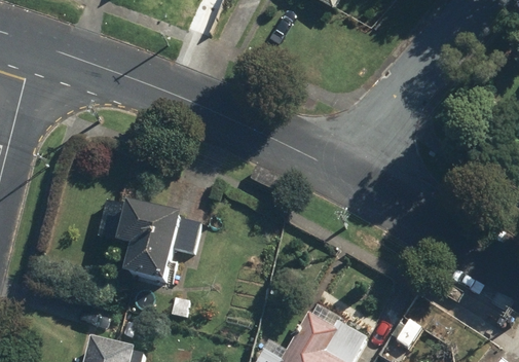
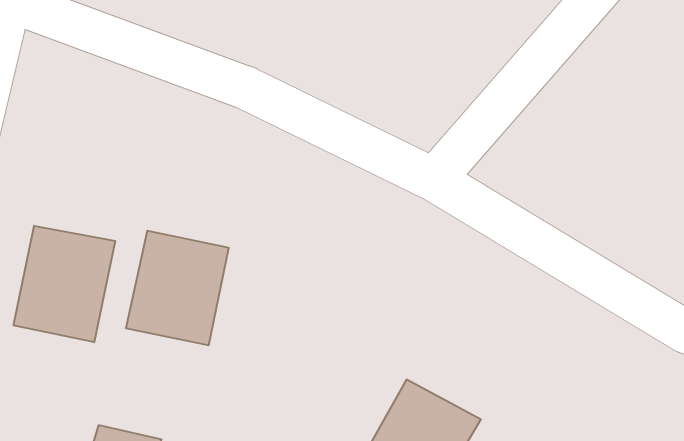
building: none -> [14,226,115,342]

